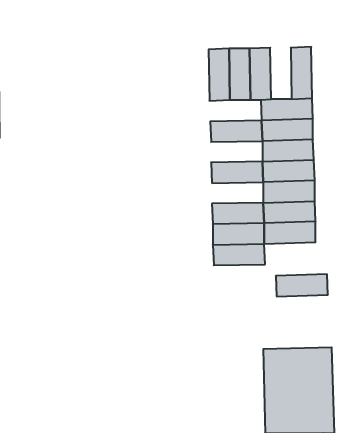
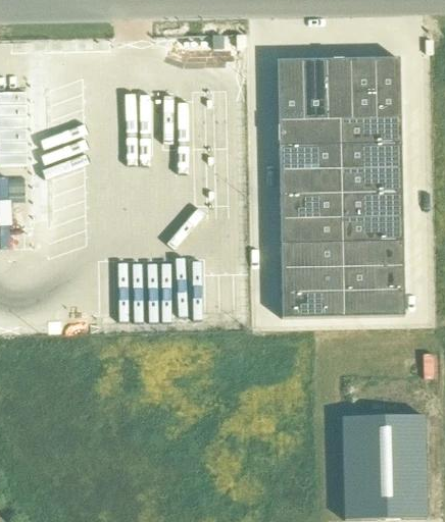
building: none -> [351,57,377,118]
building: none -> [279,119,341,145]
building: none -> [281,168,342,194]
building: none -> [282,217,343,243]
building: [276,274,328,296] -> [344,289,406,315]

